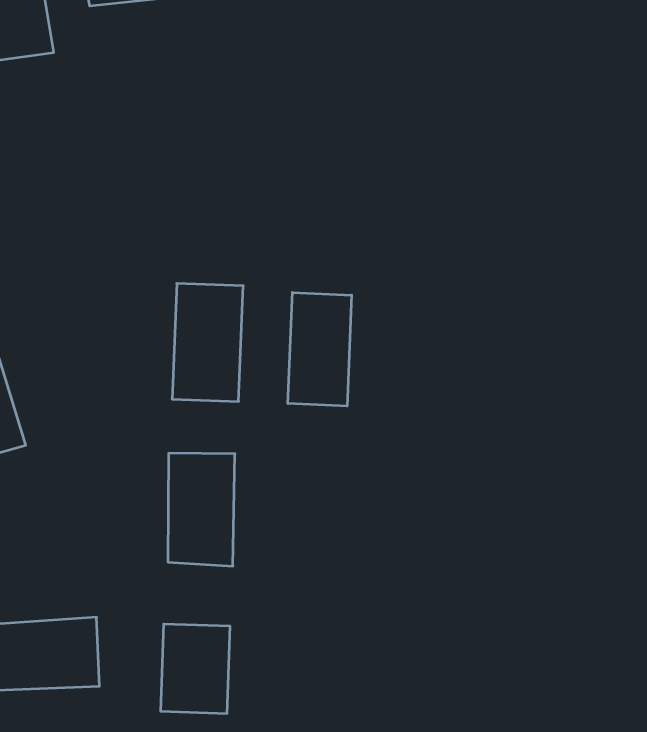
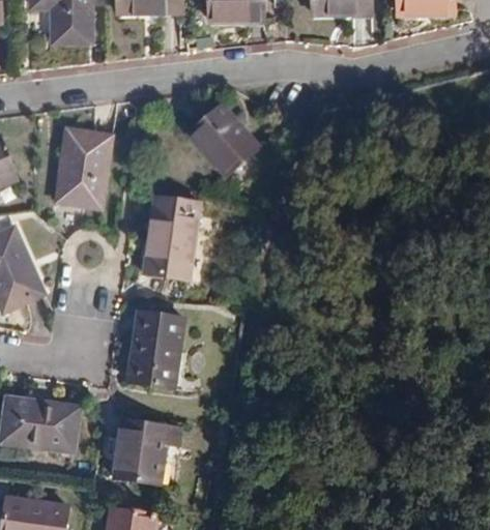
building: none -> [199,105,268,174]
building: none -> [53,126,107,205]
building: [288,292,352,406] -> none

